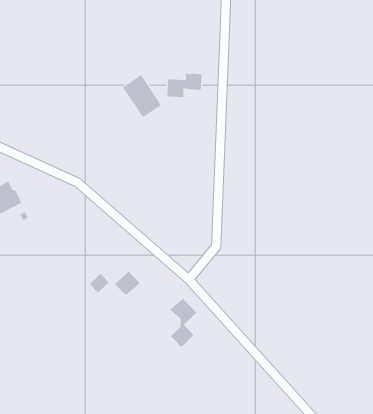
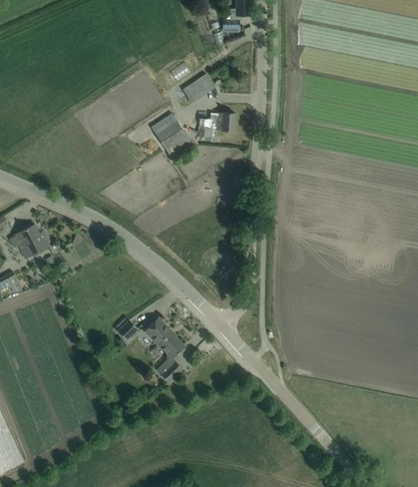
building: none -> [179,74,215,107]
building: [169,297,197,348] -> [155,330,184,382]

